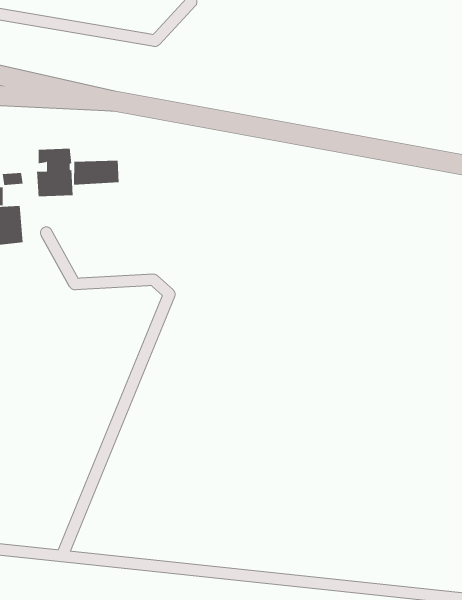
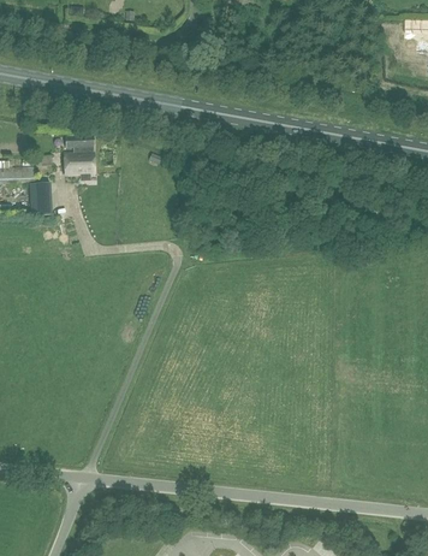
building: [73,160,119,185] -> none

